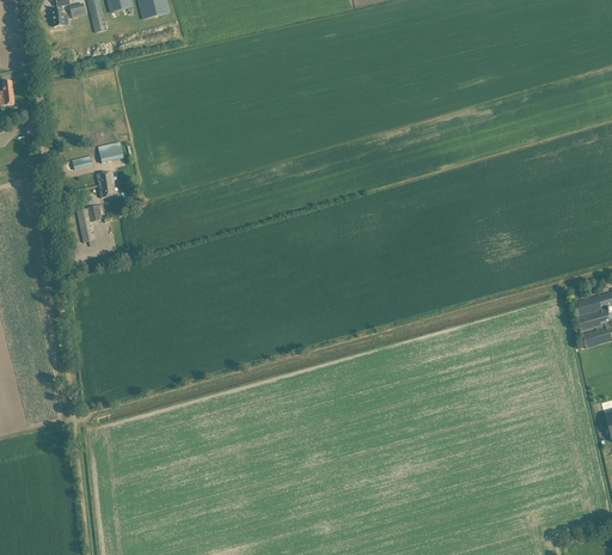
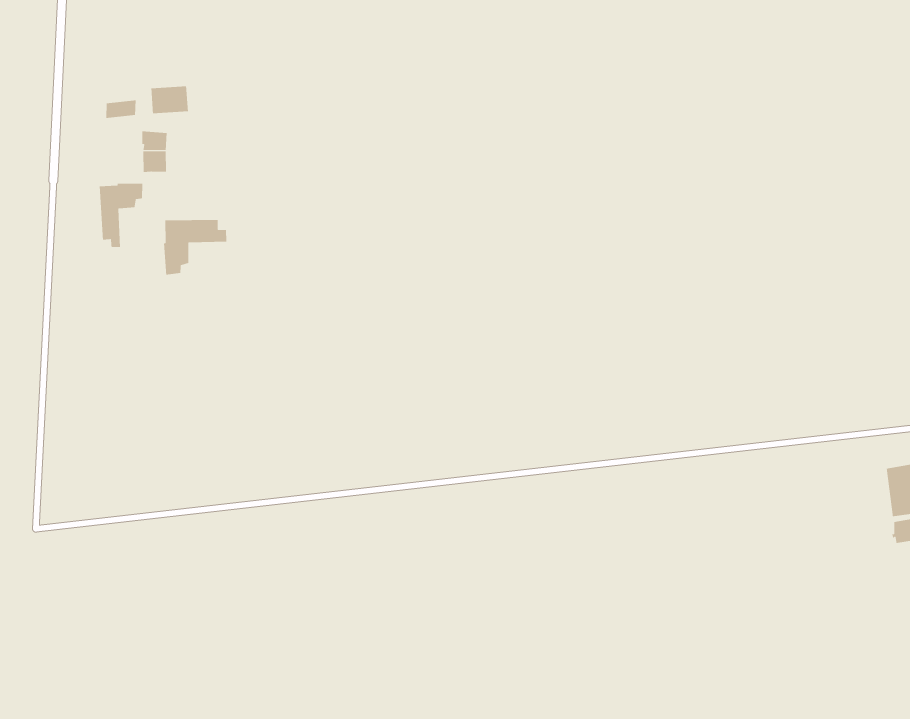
building: none -> [163,219,227,276]

